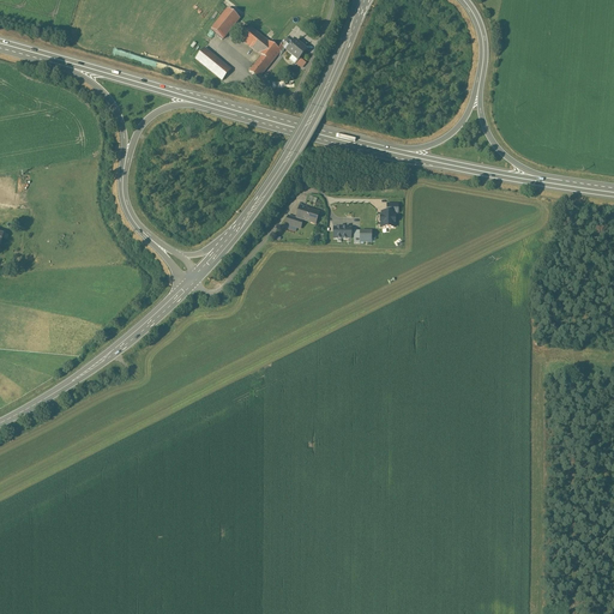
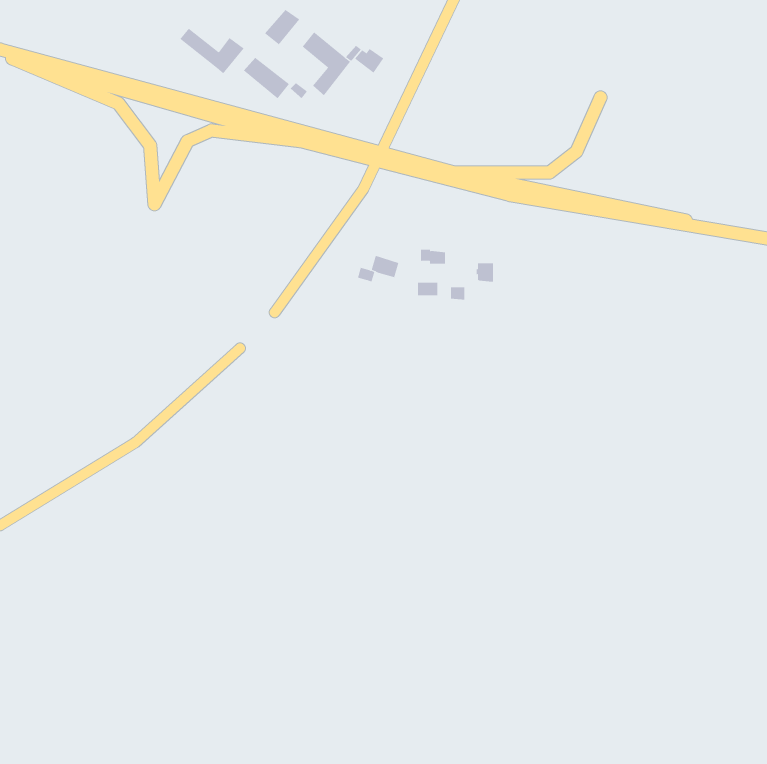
building: none -> [180,28,244,74]

